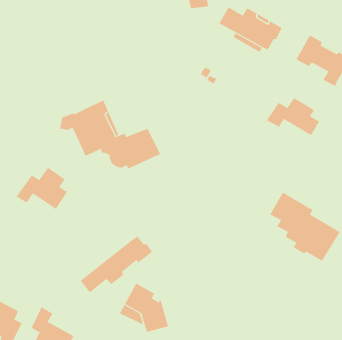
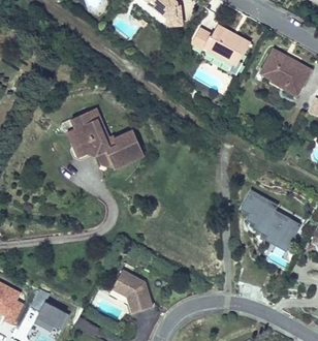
building: [266,97,320,136] -> none
building: [16,167,68,210] -> none
building: [80,236,153,293] -> none

